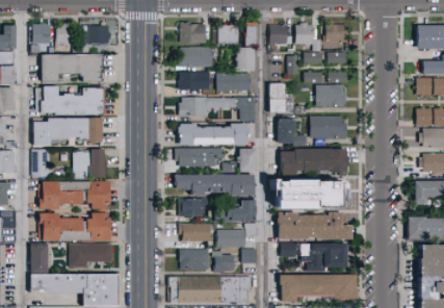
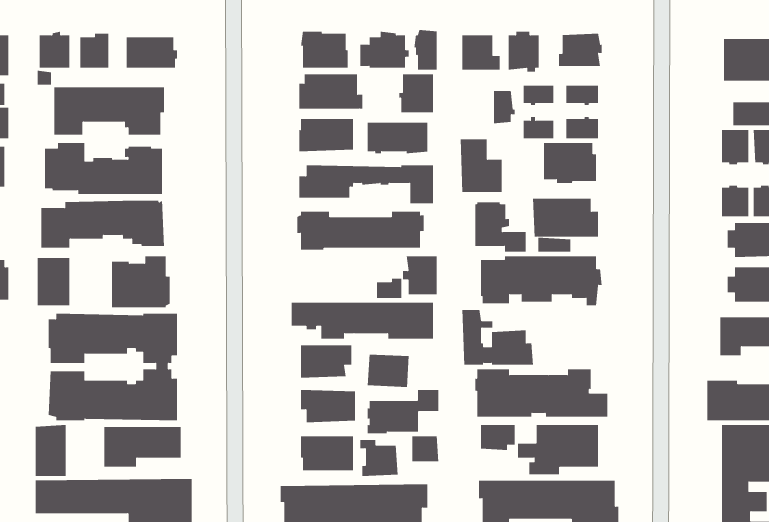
building: [176,148,225,166] -> none
building: [313,179,347,200] -> none

